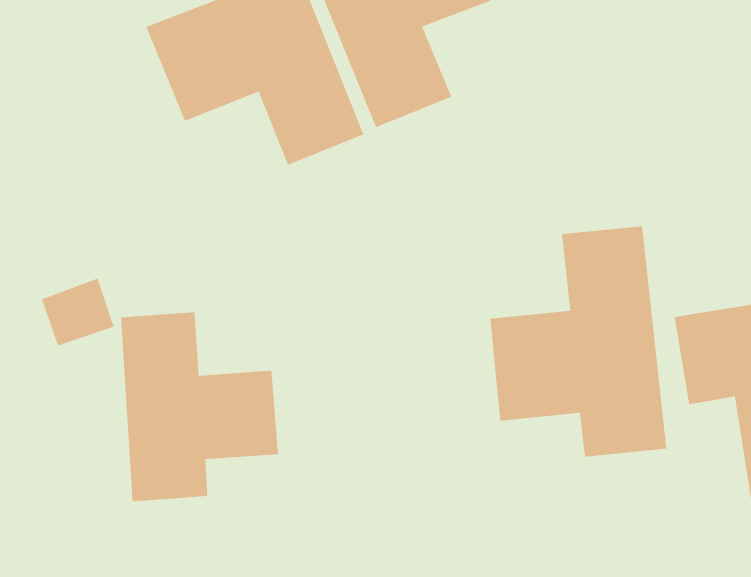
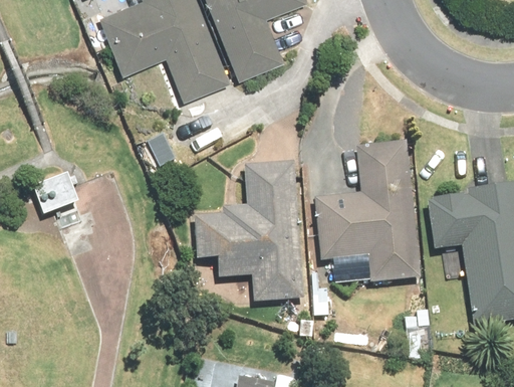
building: none -> [190,162,302,303]
building: [120,312,279,502] -> none

